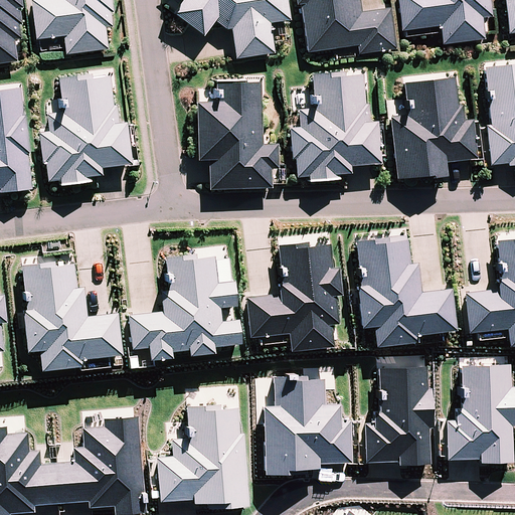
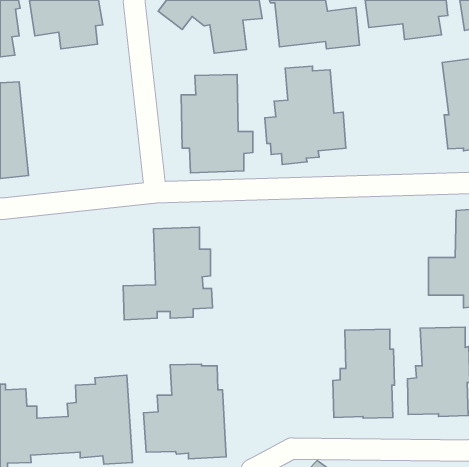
building: [44,79,132,186] -> none
building: [391,81,475,182] -> none
building: [360,236,447,344] -> none
building: [255,237,337,344] -> none
building: [23,260,118,361] -> none
building: [264,373,352,469] -> none

